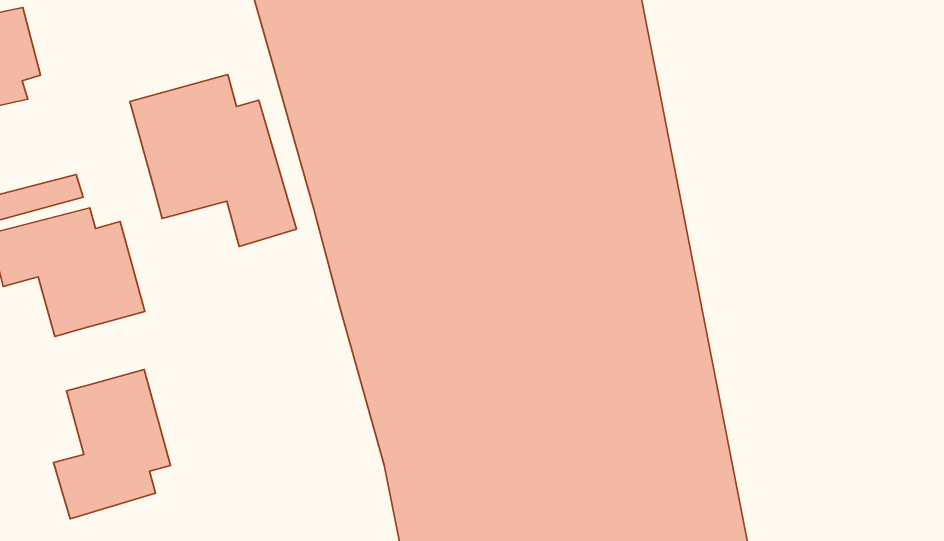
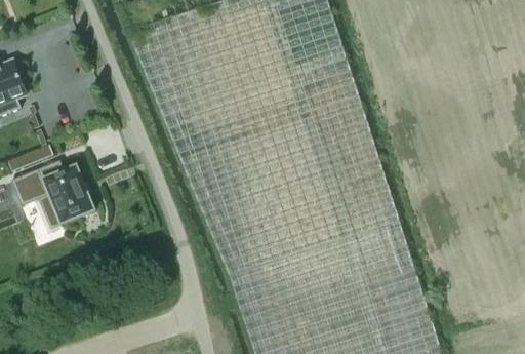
building: [130,74,296,246] -> none
building: [54,369,171,519] -> none

